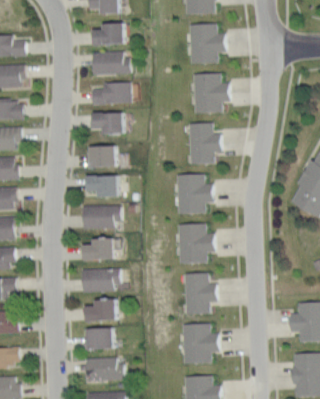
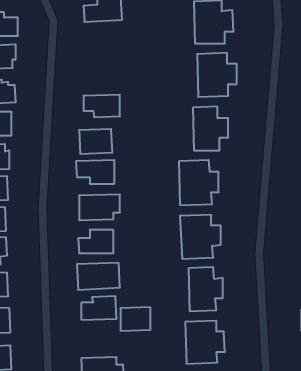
building: [87,49,127,73] -> none
building: [87,80,128,103] -> none
building: [85,328,113,350] -> [120,307,150,331]

